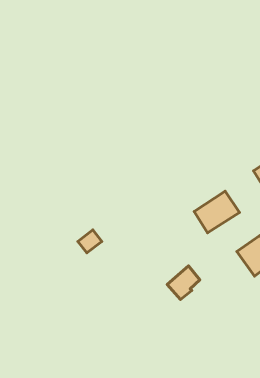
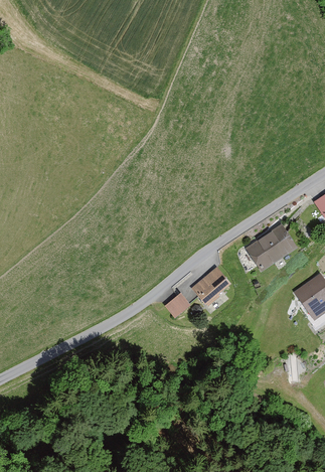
building: [78,230,102,253] -> [162,292,189,318]
building: [167,266,200,299] -> [191,267,228,305]

